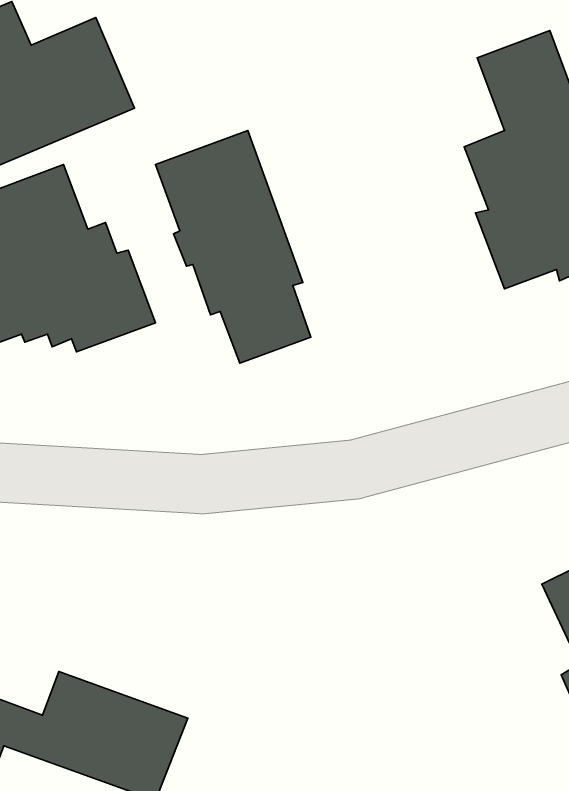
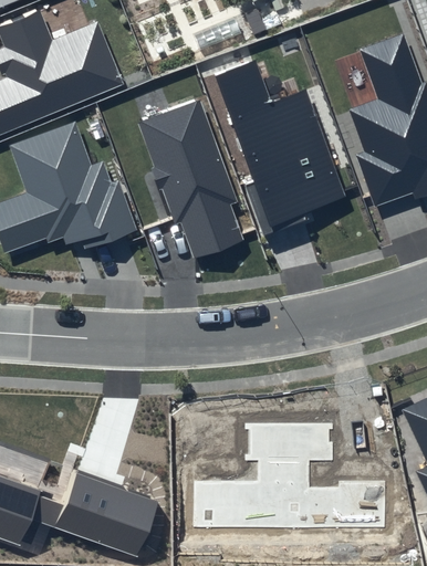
building: none -> [215,60,347,226]
building: none -> [194,422,385,526]

